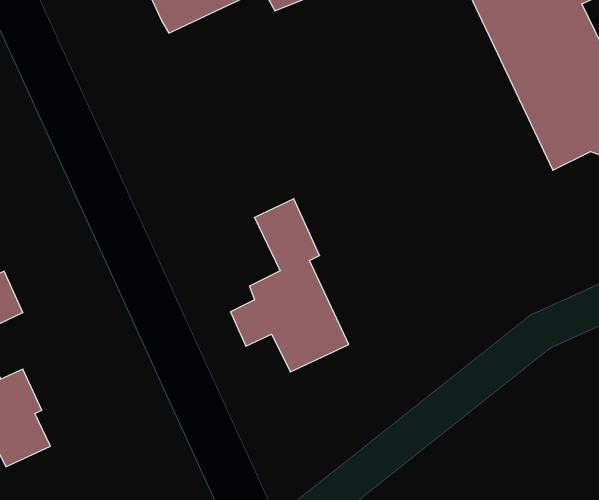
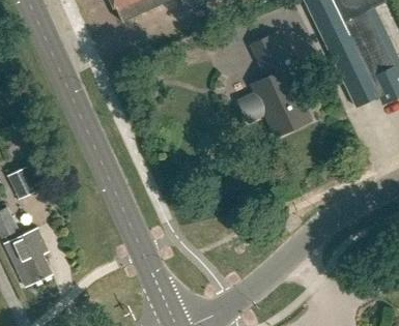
building: [230,199,349,372] -> [239,30,311,135]

